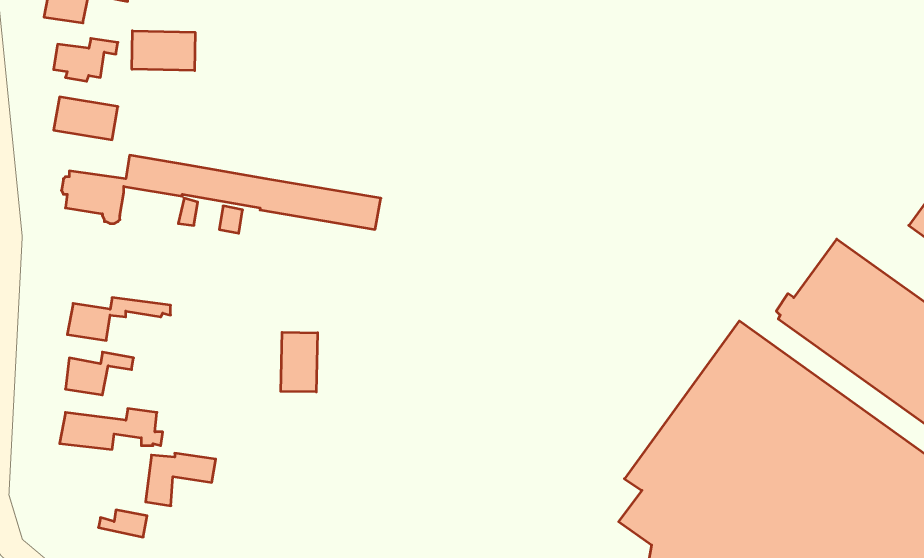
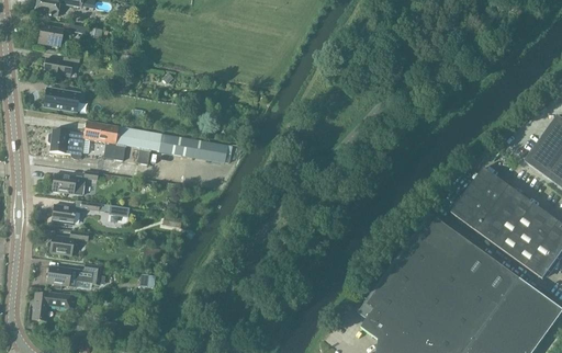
building: [132,31,195,71] -> none
building: none -> [52,173,81,193]
building: [281,332,318,392] -> none
building: [146,453,216,506] -> [32,292,71,321]

